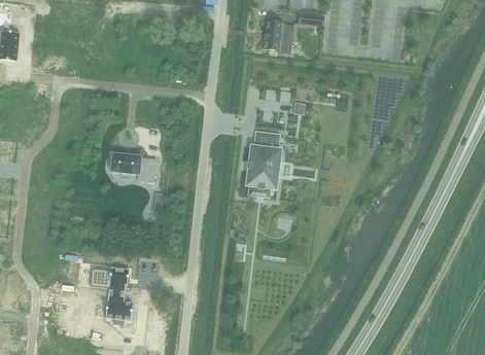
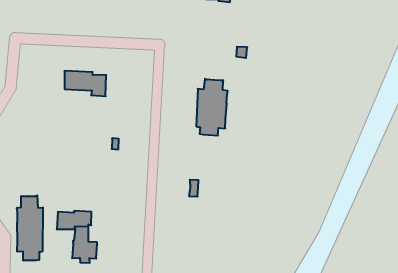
building: [109,151,154,181] -> [64,71,106,96]
building: none -> [17,195,43,261]

